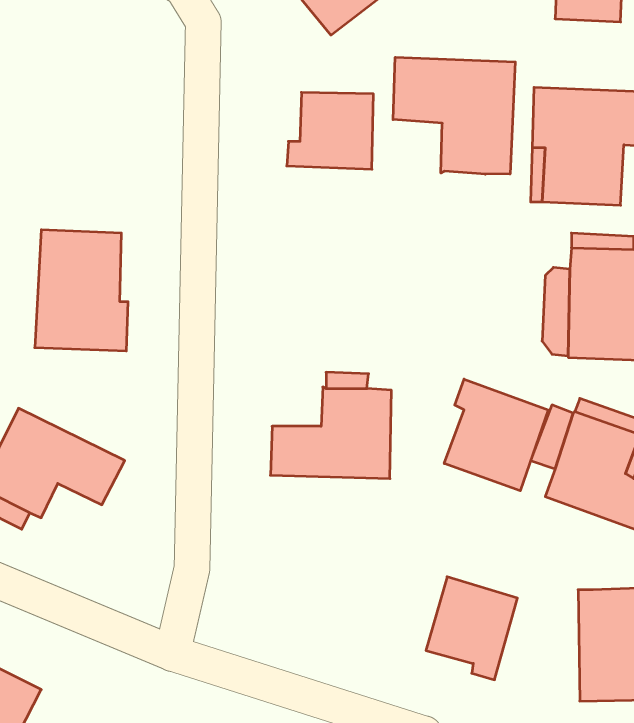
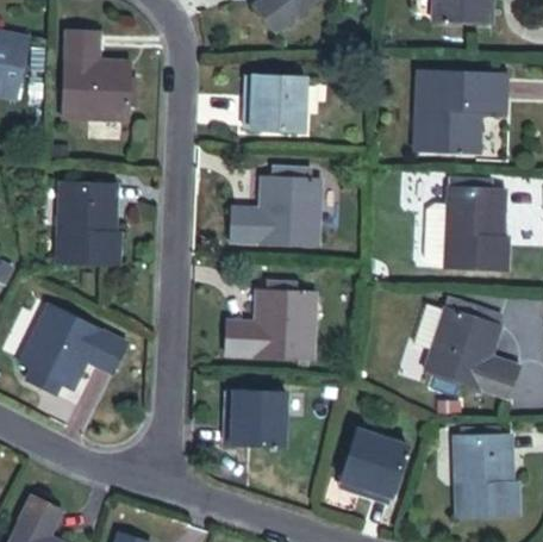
building: none -> [63,27,132,117]
building: [393,57,515,174] -> none
building: none -> [232,179,320,245]
building: [444,379,548,491] -> none
building: none -> [225,393,287,449]

